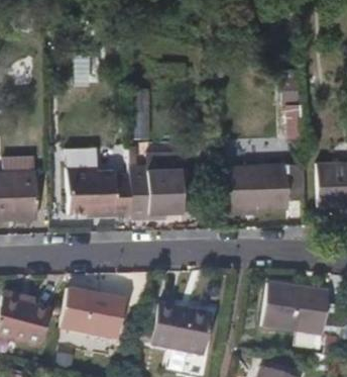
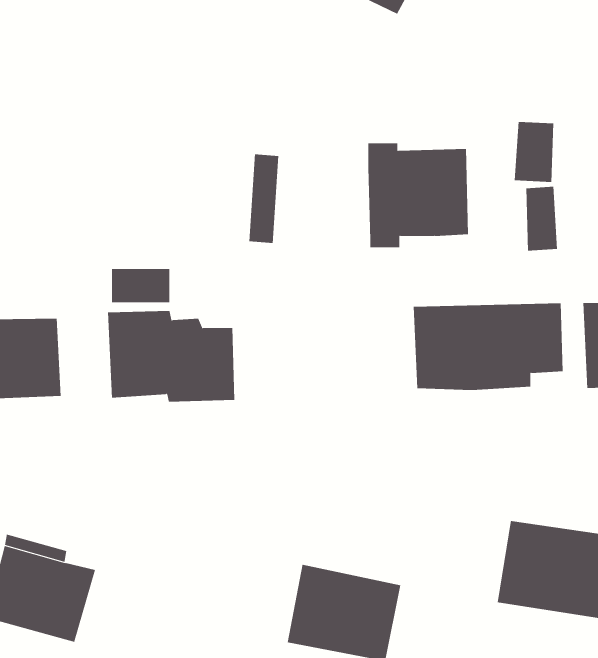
building: [125,166,179,221] -> [368,143,469,248]
building: [63,287,129,339] -> none

